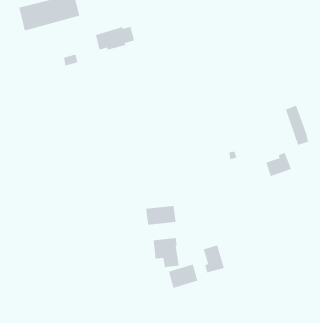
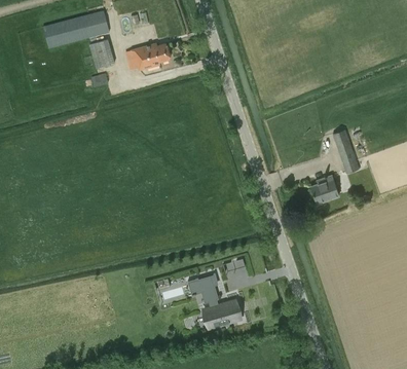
building: none -> [88,40,113,69]
building: [146,205,176,226] -> none
building: [203,244,225,273] -> none

